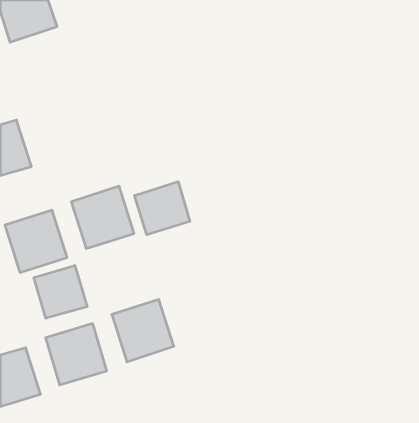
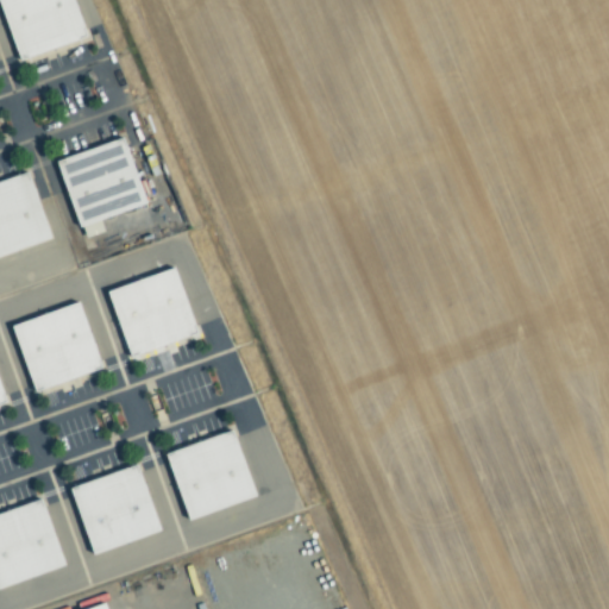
building: none -> [59,138,146,225]
building: [135,182,190,235] -> none
building: [34,265,87,318] -> none

